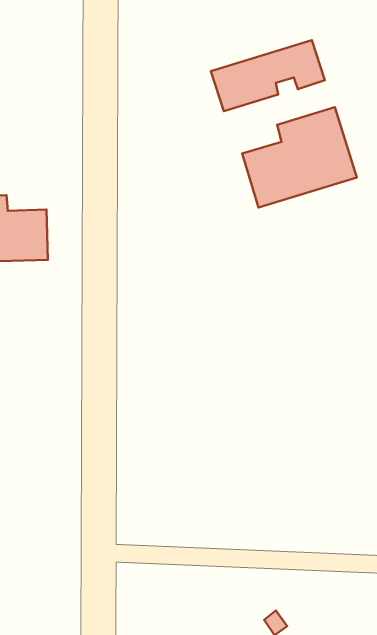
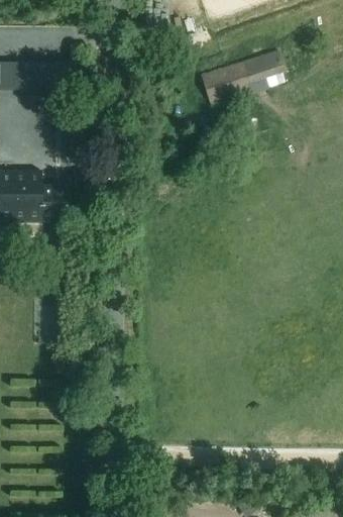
building: [242,107,357,208] -> none

